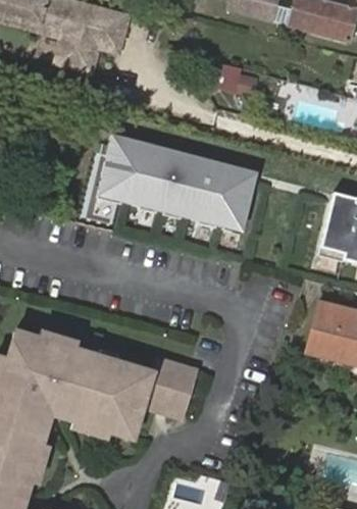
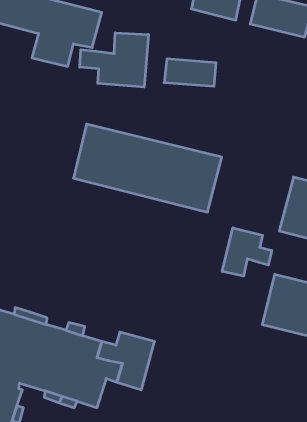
building: none -> [80,33,148,87]
building: none -> [222,228,272,276]

